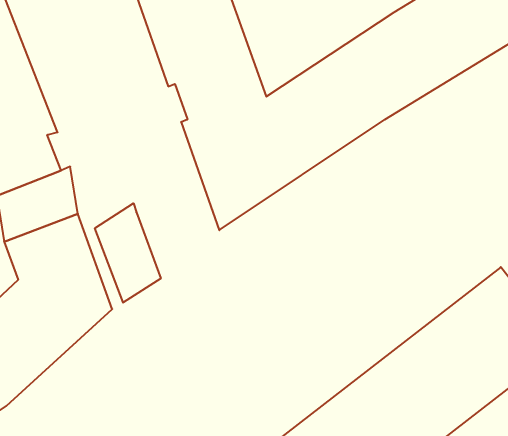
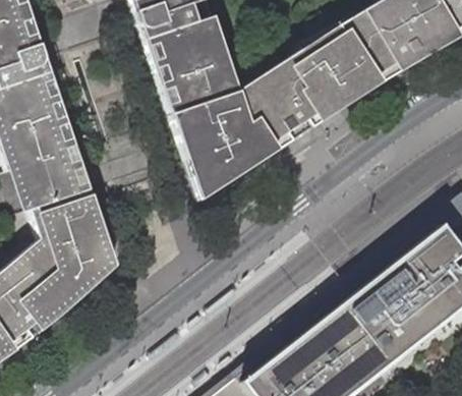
building: [95,203,161,303] -> none

